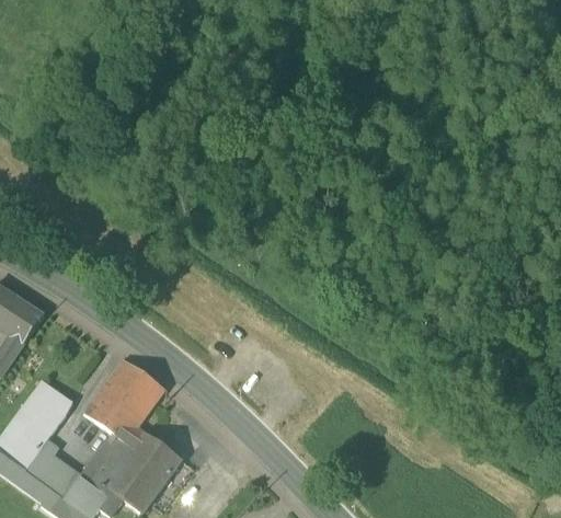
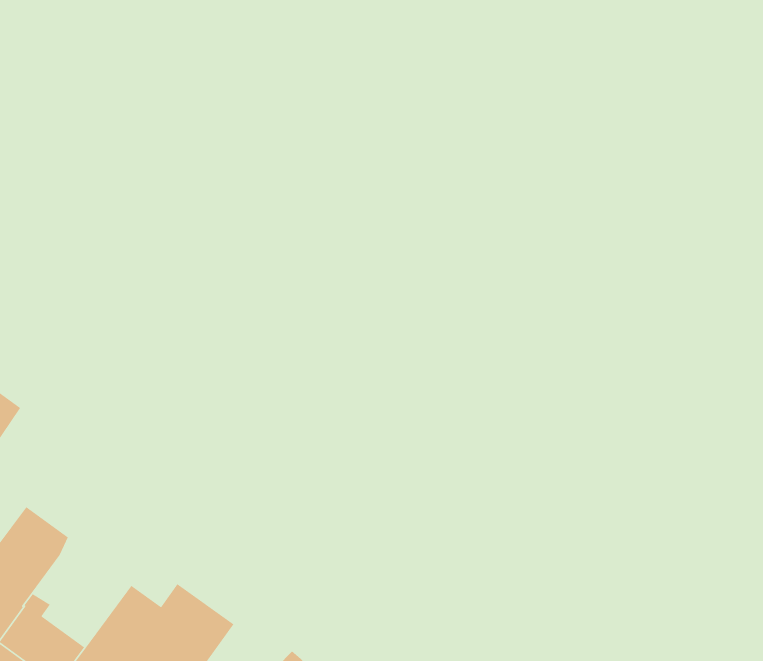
building: [83,359,164,447] -> none

